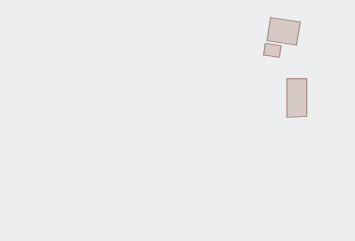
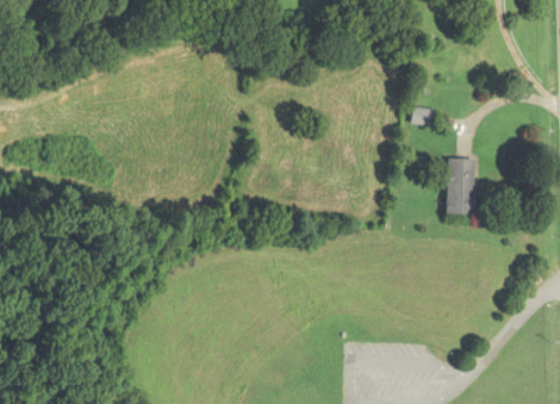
building: [267,17,300,45] -> none

